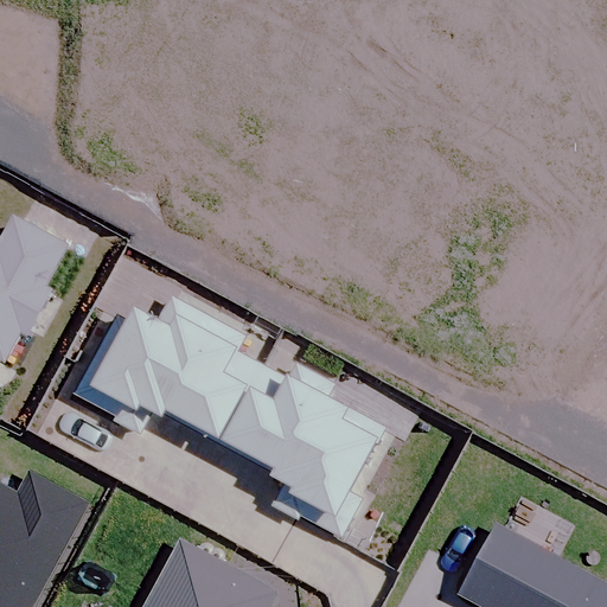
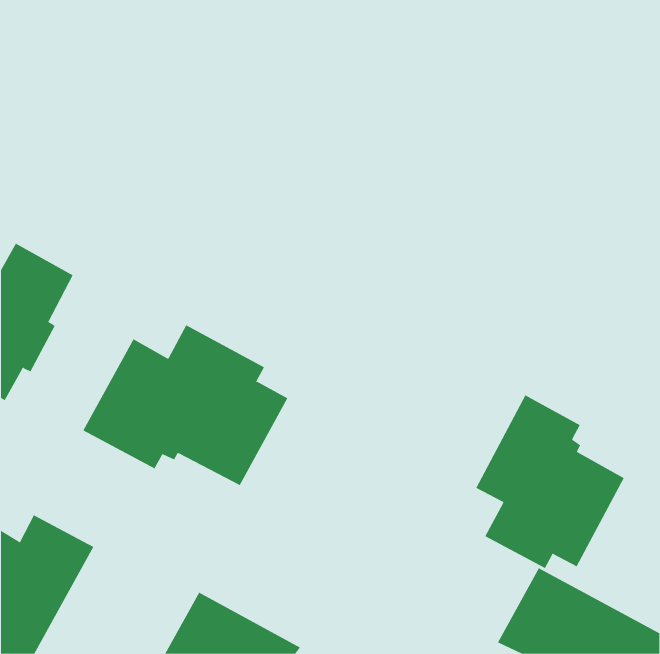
building: none -> [476,395,624,569]
building: [221,364,386,535] -> none

